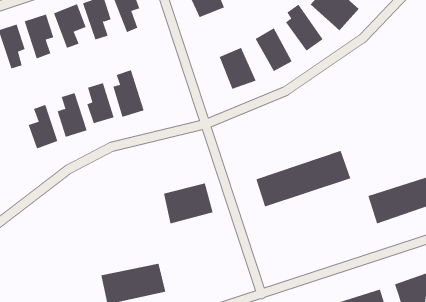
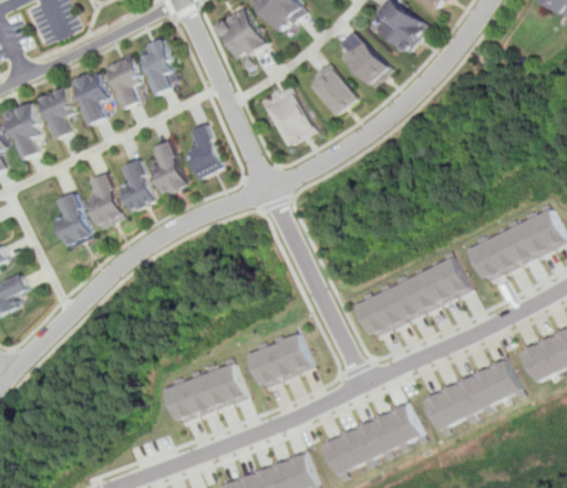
building: none -> [188,120,228,178]
building: [255,150,351,207] -> [358,256,472,336]
building: [163,183,213,224] -> [250,333,313,388]

